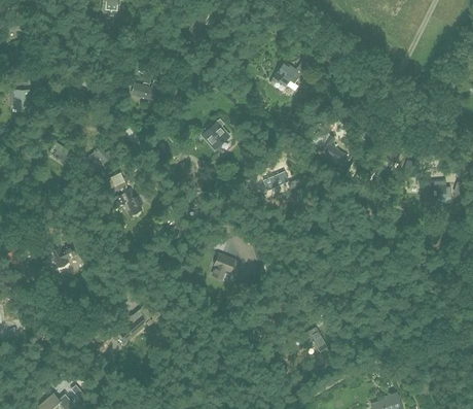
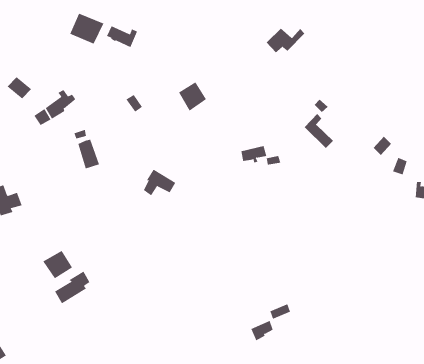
building: none -> [69,13,104,45]
building: [211,252,240,277] -> [143,169,176,196]
building: none -> [43,250,73,279]

